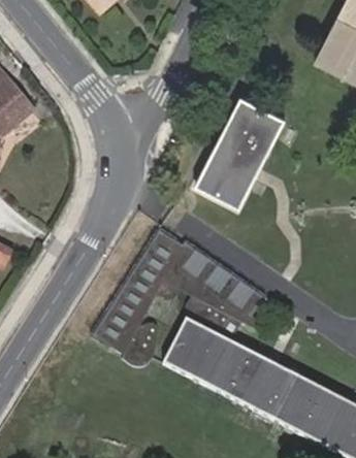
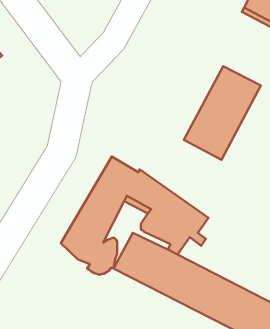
building: [195,95,286,205] -> [184,66,261,160]

